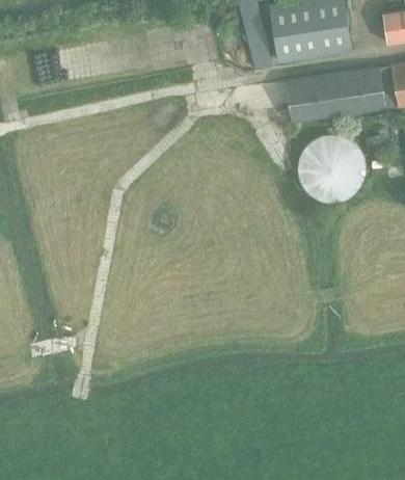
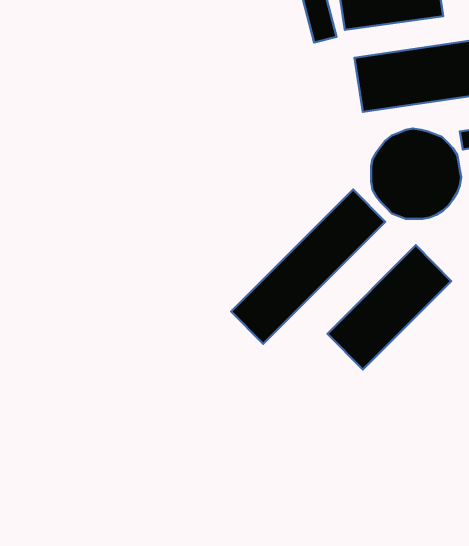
building: none -> [231,189,385,344]
building: none -> [327,245,451,370]

